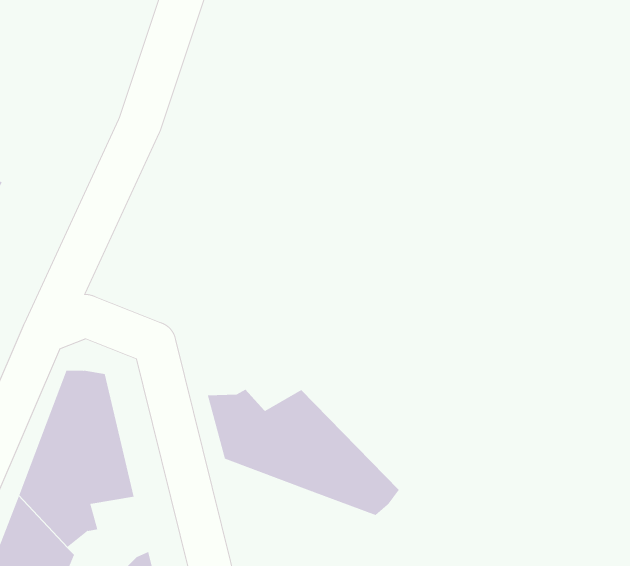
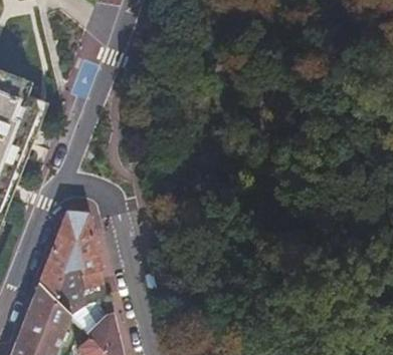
building: [207,389,399,516] -> none

